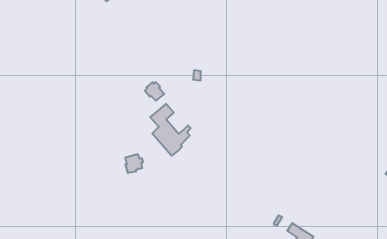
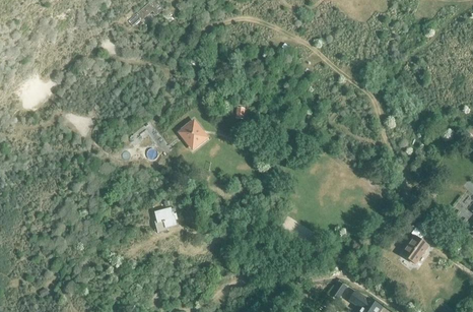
building: [150,104,191,156] -> none
building: none -> [400,228,427,264]

